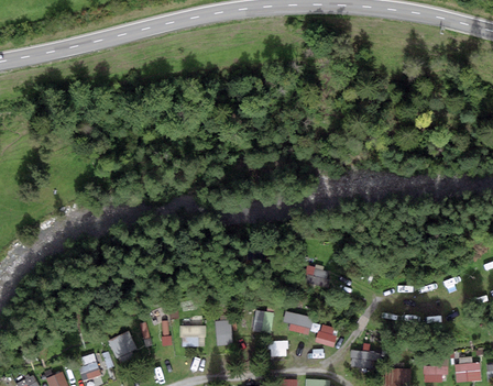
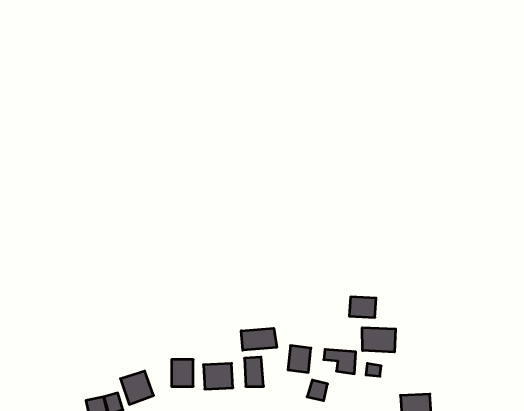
building: none -> [362,328,396,352]
building: none -> [241,328,277,350]

